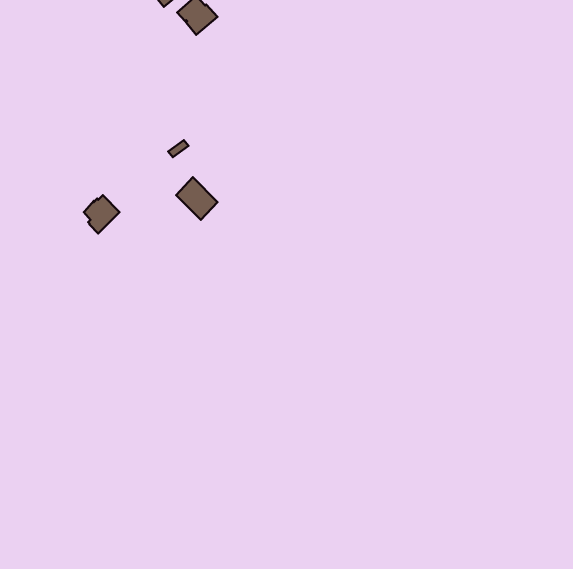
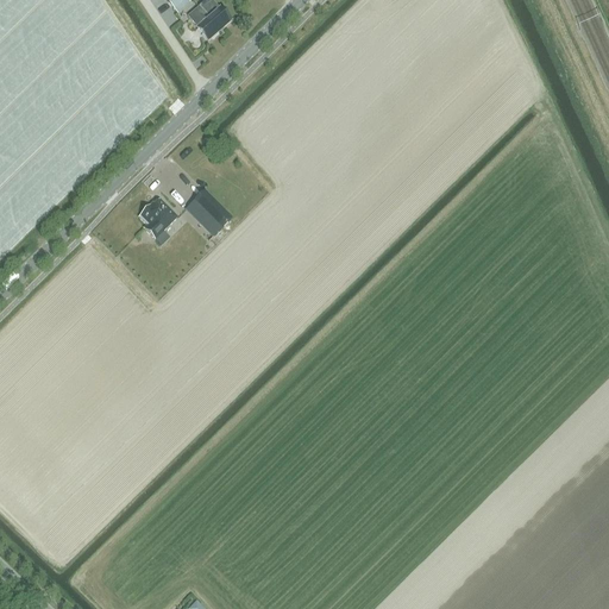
building: [84,195,120,233] -> [139,196,177,237]

